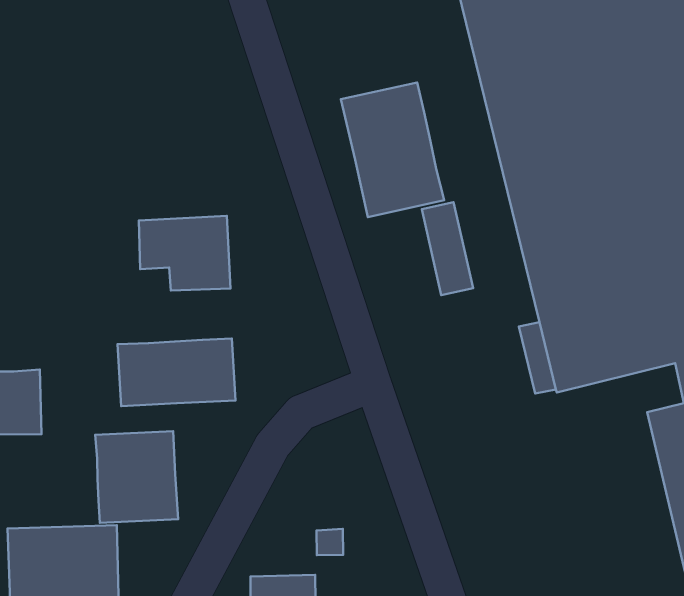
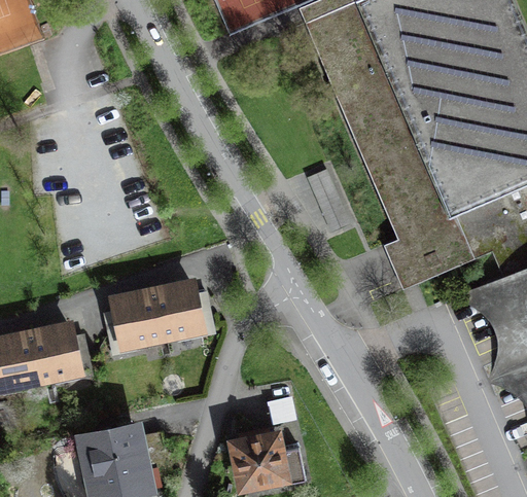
building: [341,82,444,217] -> none
building: [139,216,230,291] -> none
building: [95,431,178,523] -> none

